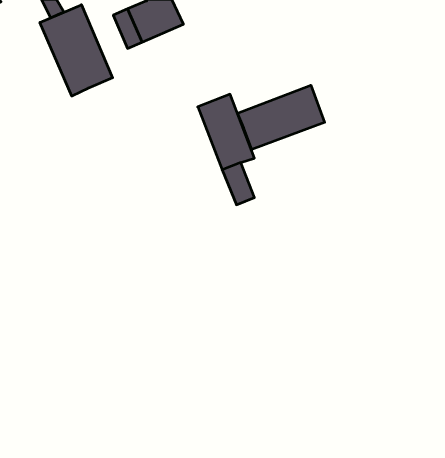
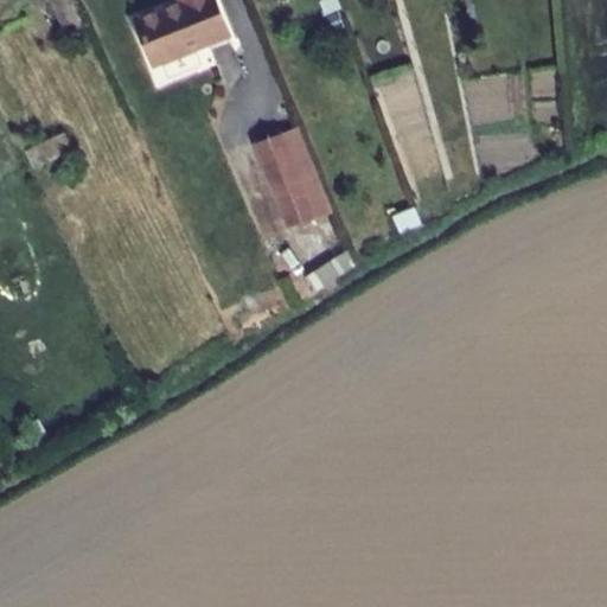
building: [40,5,113,96] -> none
building: [237,85,325,150] -> none

